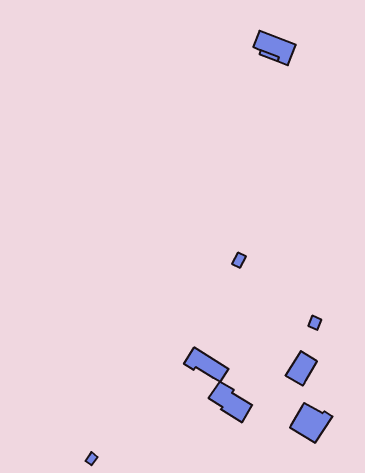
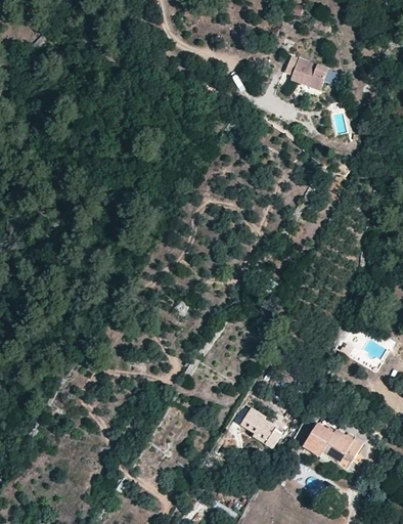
building: [184,347,229,382] -> none
building: [285,351,317,386] -> [303,422,334,456]

